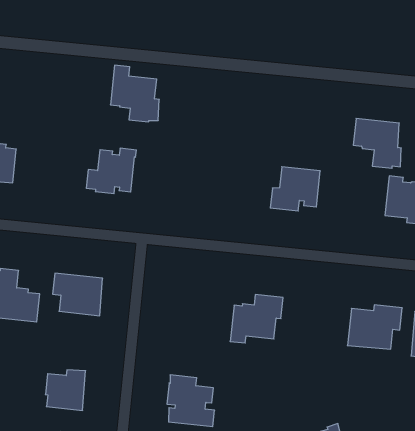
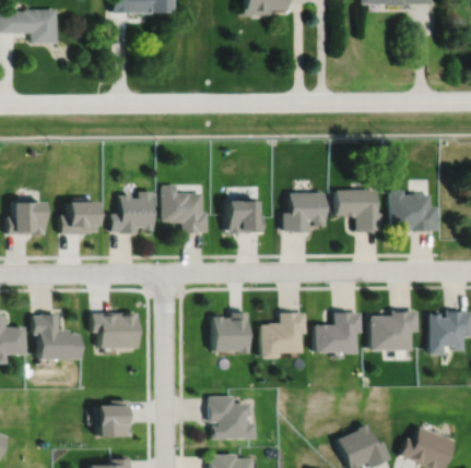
building: [110,65,159,122] -> [163,184,209,233]
building: [353,118,401,168] -> [338,190,384,232]
building: none -> [60,199,96,233]
building: none -> [227,200,263,232]
building: none -> [211,312,247,355]
building: none -> [313,312,360,353]

